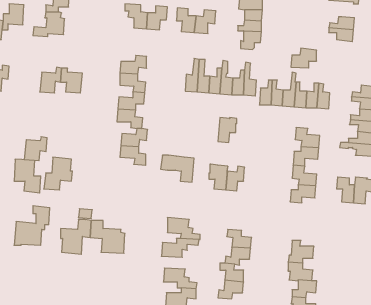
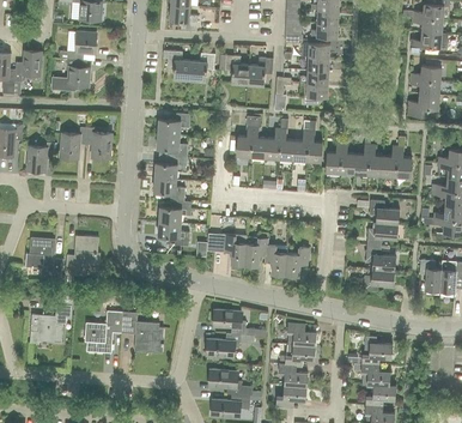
building: [291,48,317,68] -> [407,92,438,116]
building: [218,118,237,142] -> [244,236,267,266]
building: [24,137,47,161] -> [26,141,54,170]

